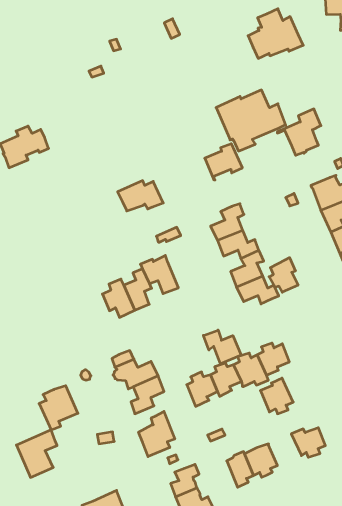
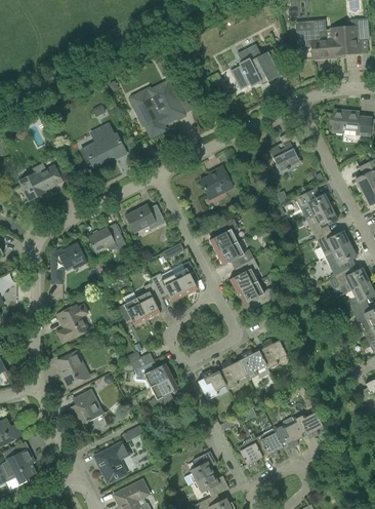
building: none -> [80,123,126,166]
building: [216,90,286,151] -> [128,81,191,136]
building: none -> [87,223,126,252]
building: none -> [50,242,85,284]
building: none -> [173,261,198,297]
building: [269,258,298,292] -> none
building: none -> [56,305,88,344]
building: [203,330,241,364] -> none
building: none -> [56,351,89,388]
building: [260,378,293,414] -> [274,417,303,448]
building: [139,411,175,457] -> none
building: [16,430,57,477] -> [93,441,129,484]

